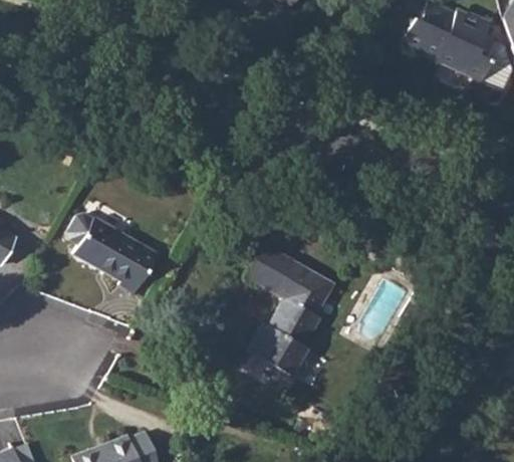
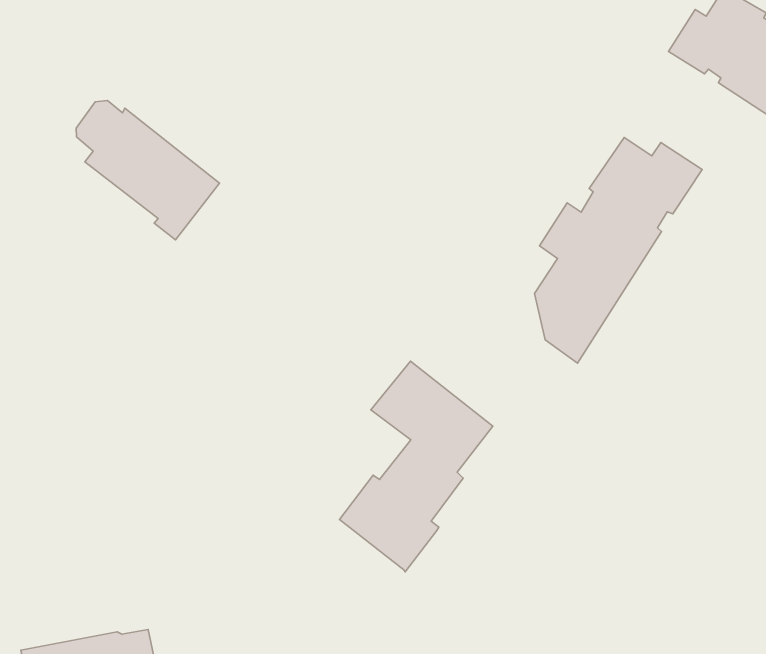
building: none -> [535,138,702,363]
building: [66,214,156,290] -> [76,100,220,240]

